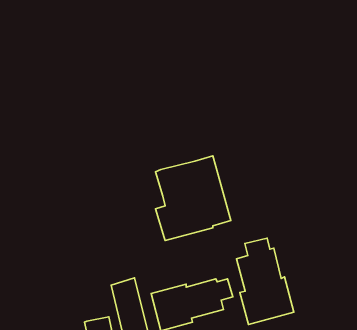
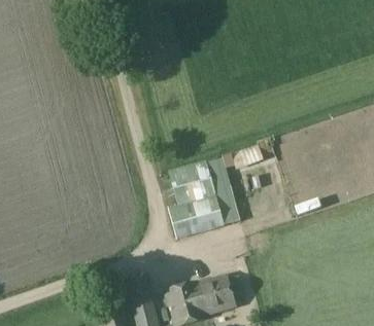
building: [236,238,294,325] -> none

